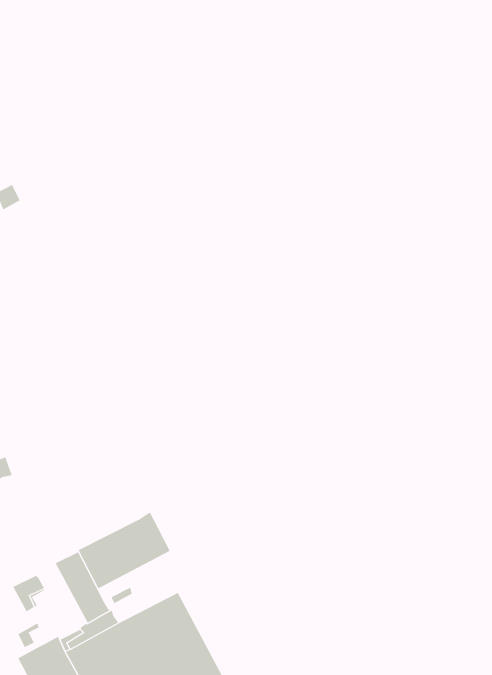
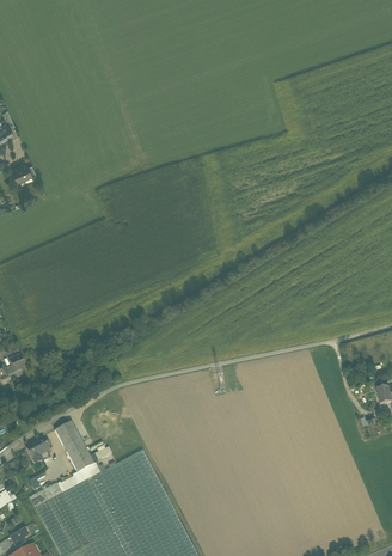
building: [78,512,171,589] -> none

